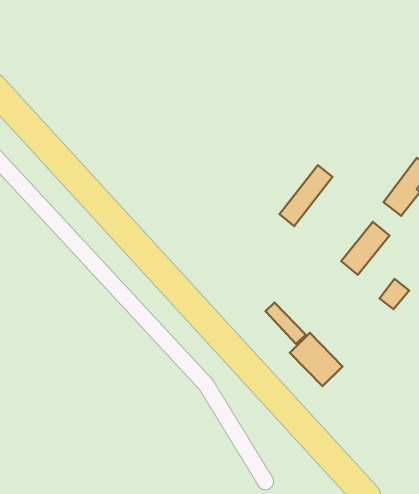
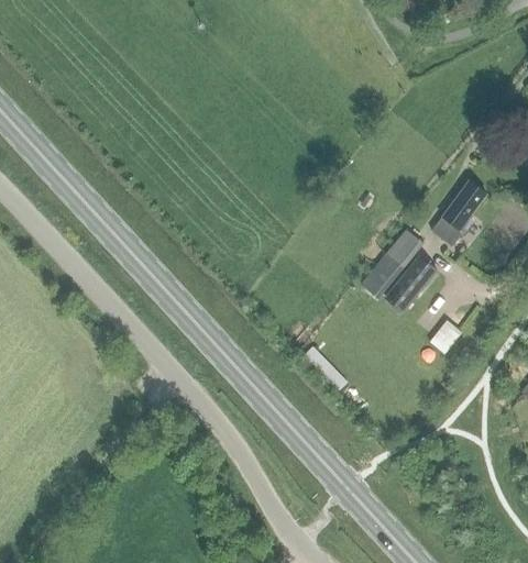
building: [279,165,333,226] -> [363,229,422,297]
building: [290,333,342,386] -> none

